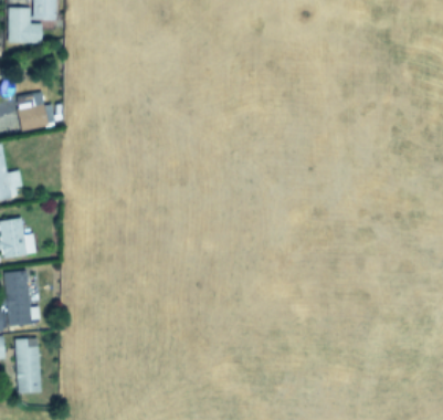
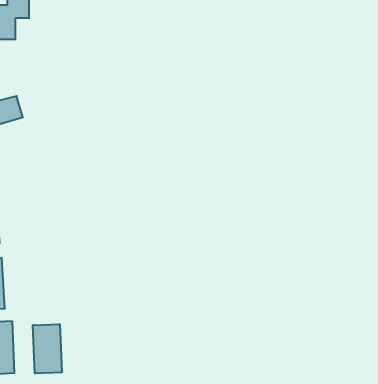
building: none -> [33,324,62,373]

